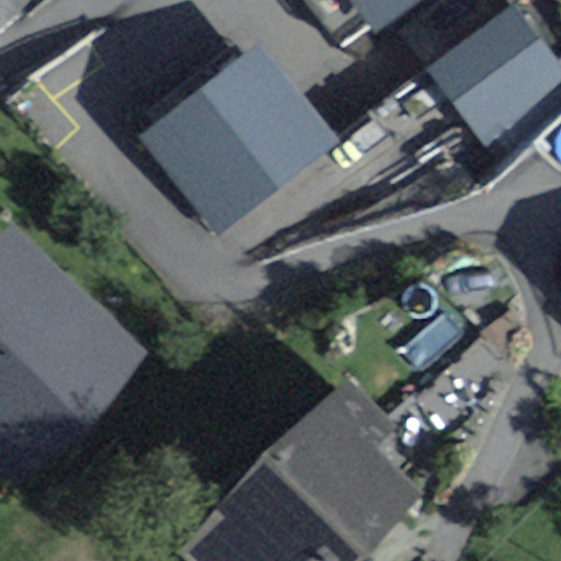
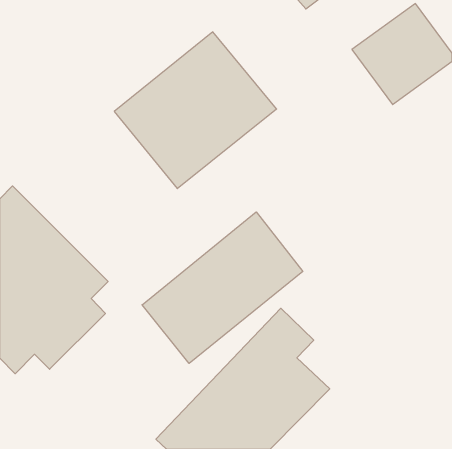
building: none -> [142,212,303,363]

